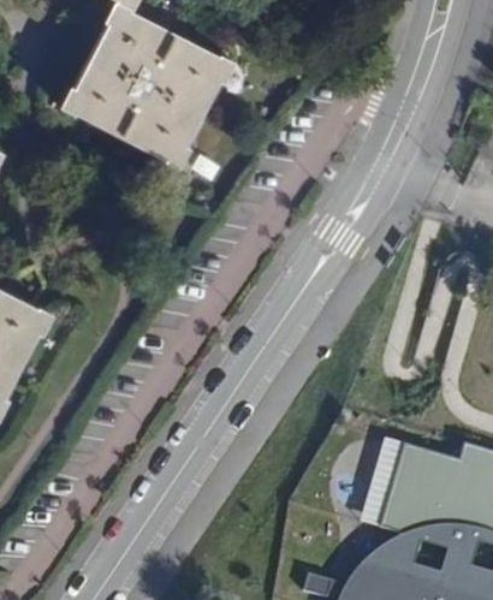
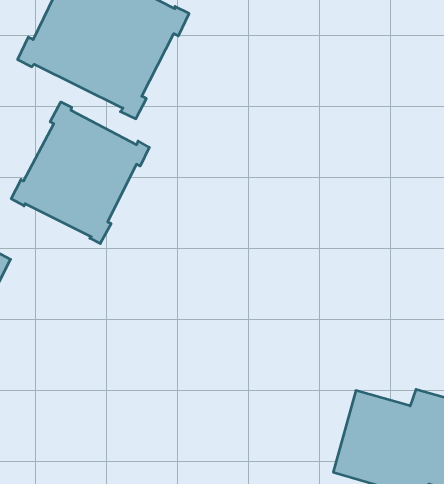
building: none -> [11,102,149,244]

